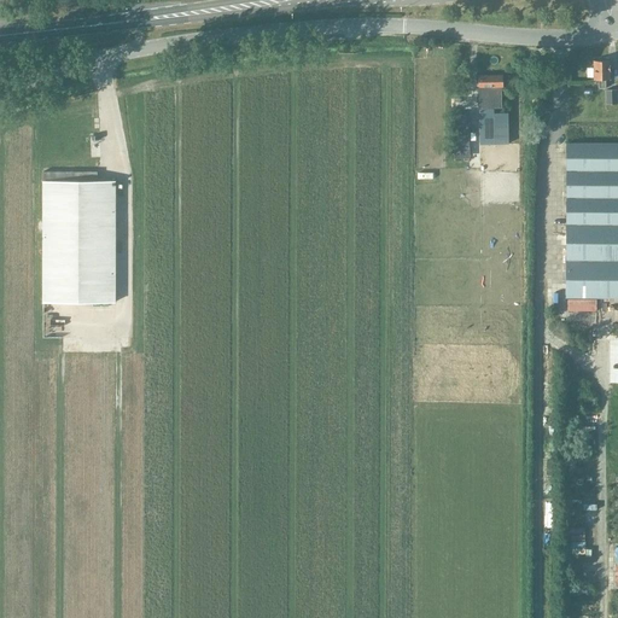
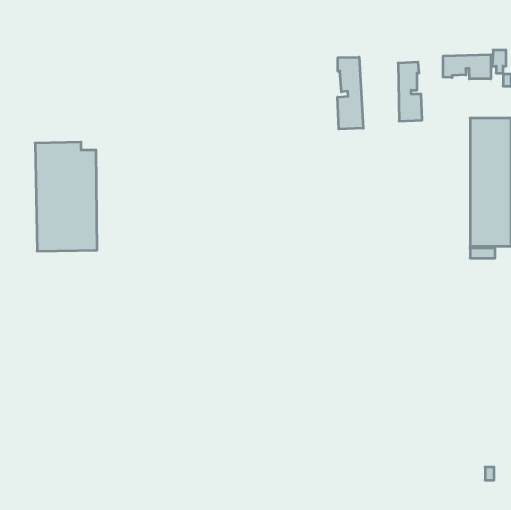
building: none -> [443,55,491,79]
building: none -> [338,57,363,129]

